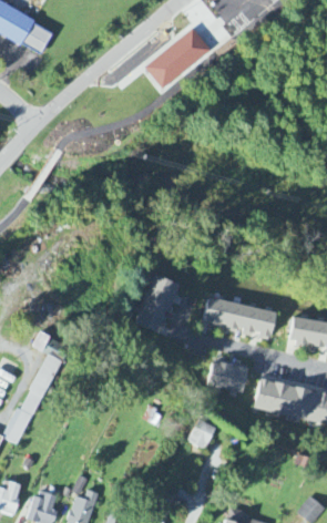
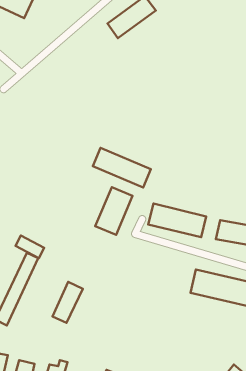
building: none -> [93,148,151,187]
building: [206,358,247,391] -> none
building: none -> [52,282,83,323]
building: [187,422,215,452] -> none

